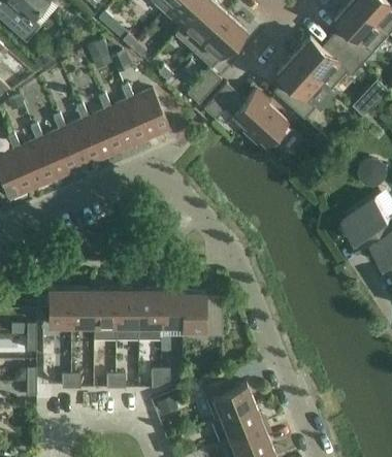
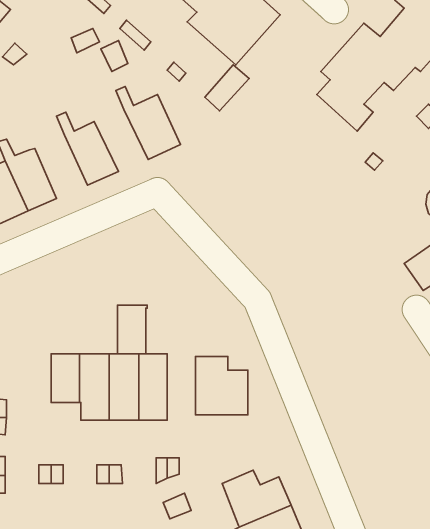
building: [205,84,289,146] -> none
building: [98,96,145,151] -> none
building: [53,116,99,171] -> none
building: [47,290,71,327] -> none
building: [160,290,183,327] -> [118,305,147,354]

